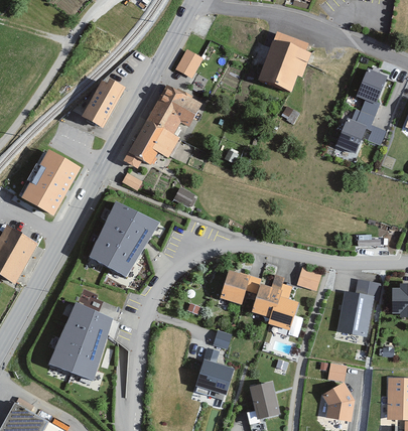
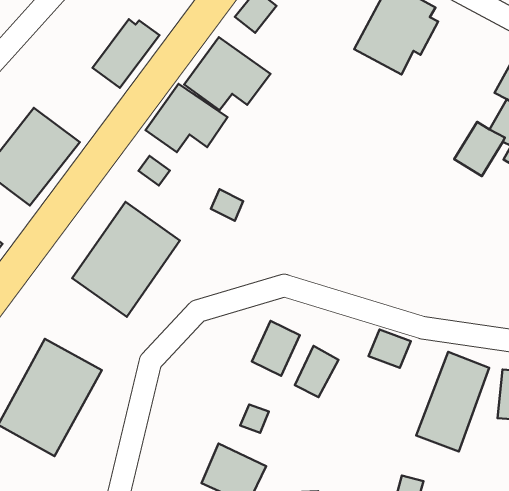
building: [266,297,296,331] -> none

